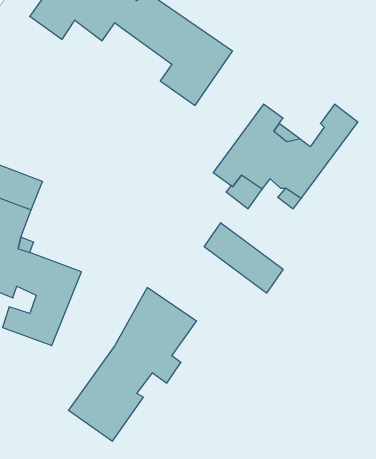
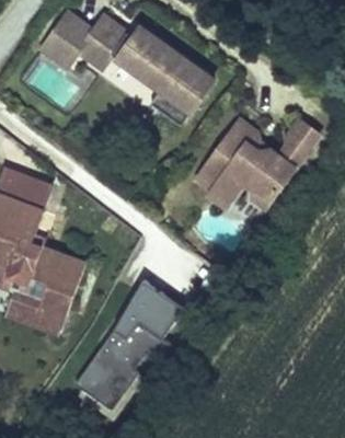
building: [204,223,283,293] -> none

